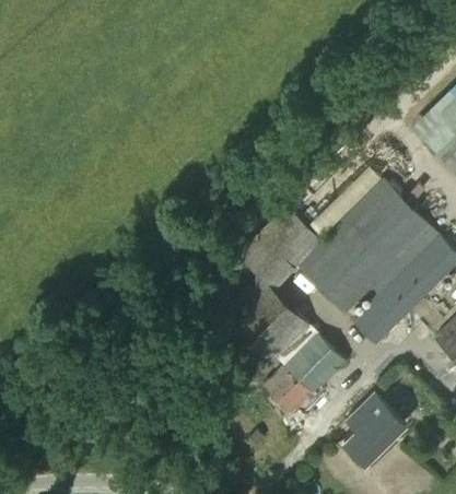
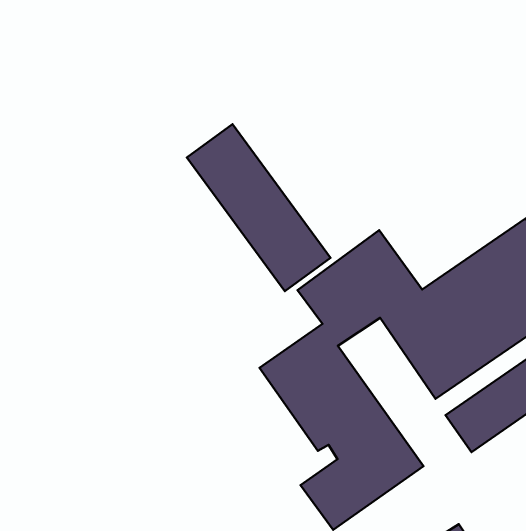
building: none -> [187,124,330,291]

